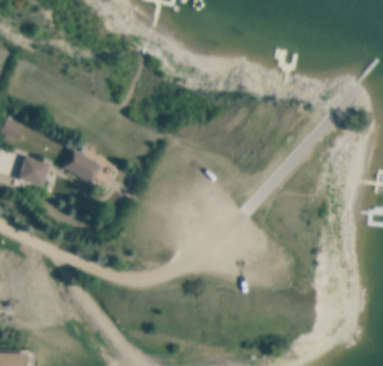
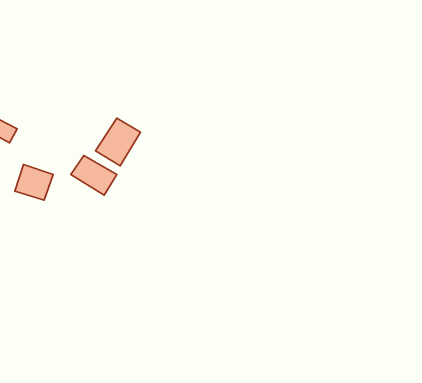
building: none -> [96,118,140,166]

